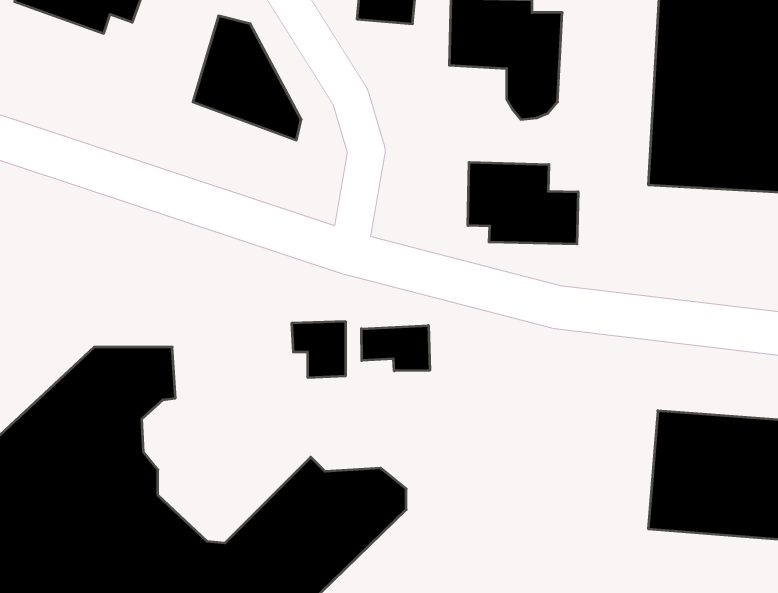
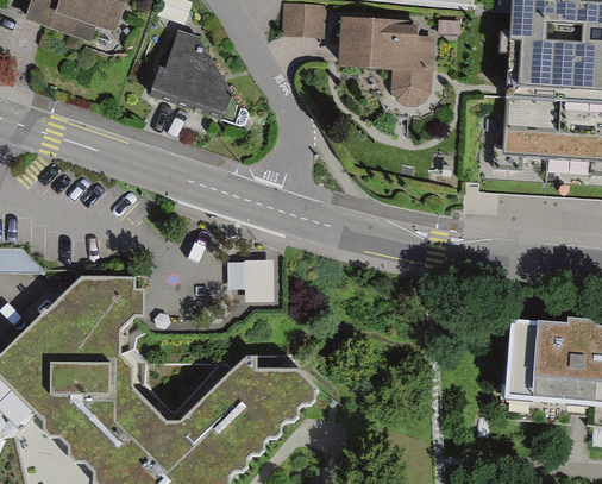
building: [468,162,578,244] -> none
building: [361,325,430,371] -> none

